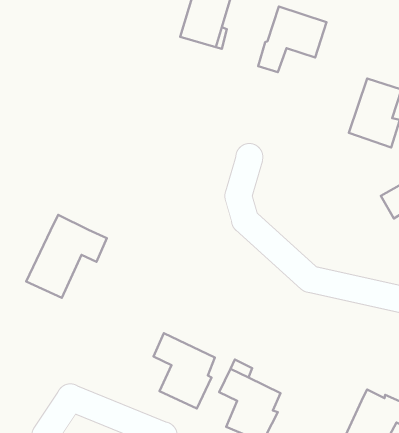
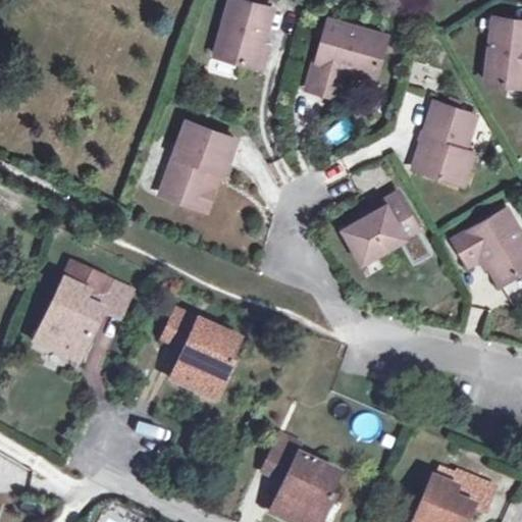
building: none -> [161,118,238,209]
building: none -> [343,193,415,261]
building: [153,333,215,409] -> [162,310,234,399]

